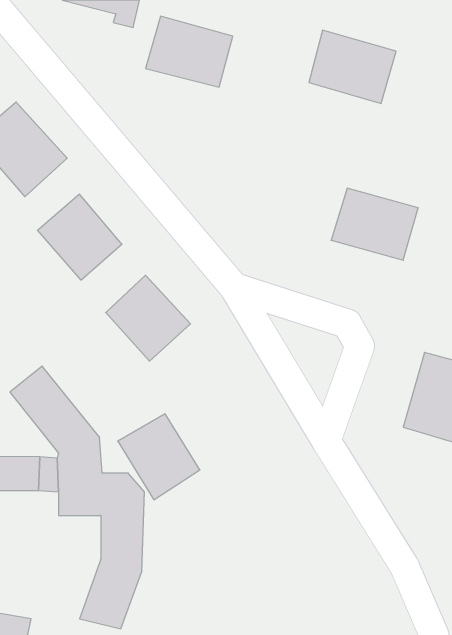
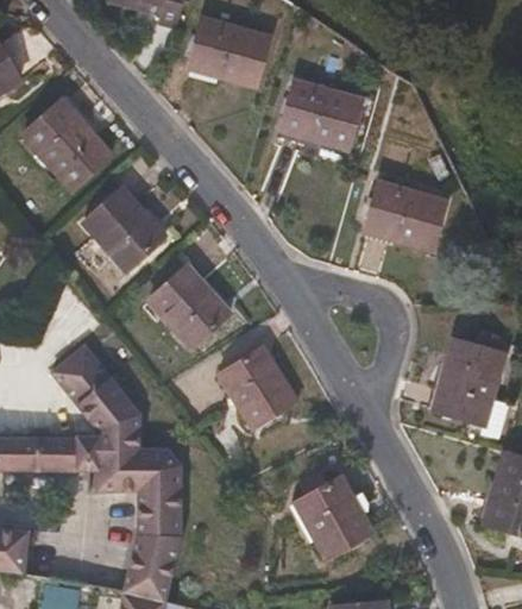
building: [309,30,396,104] -> [279,79,363,149]
building: [118,414,200,500] -> [218,346,296,428]
building: none -> [289,476,372,558]

